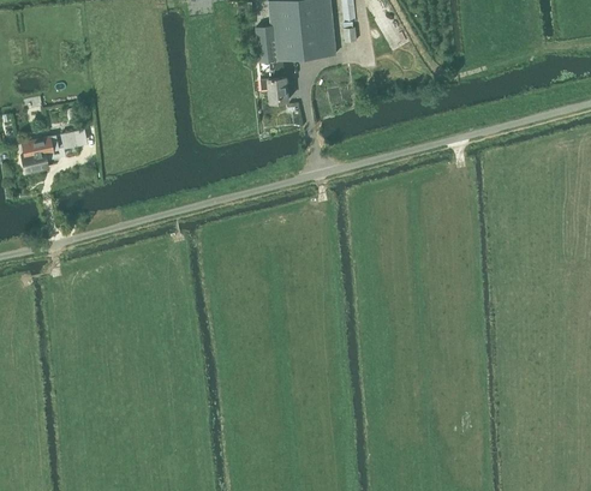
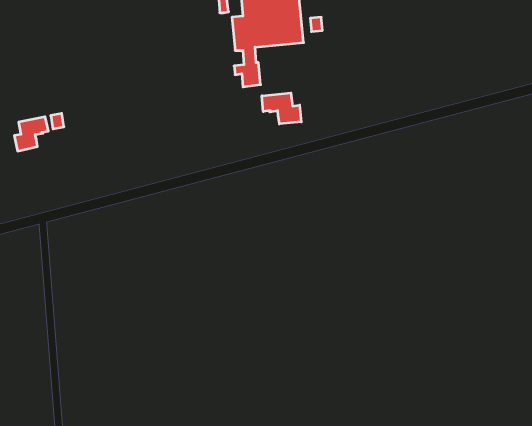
building: none -> [262,93,301,124]

